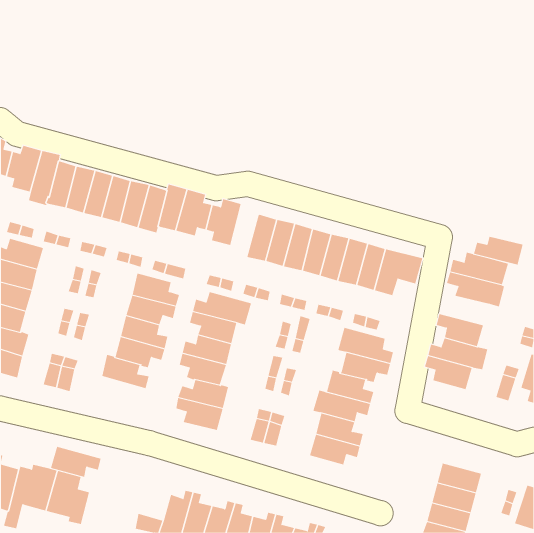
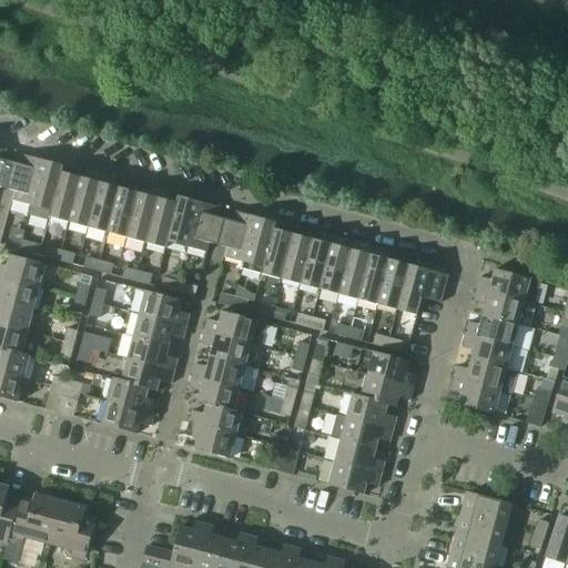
building: none -> [243,216,277,273]
building: [473,236,523,265] -> [466,314,519,345]
building: [50,446,101,477] -> [101,399,155,433]

